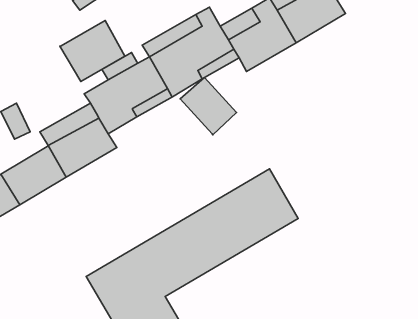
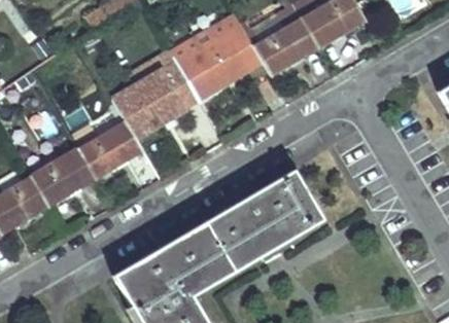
building: [60,20,125,82] -> none
building: [180,78,236,135] -> none

